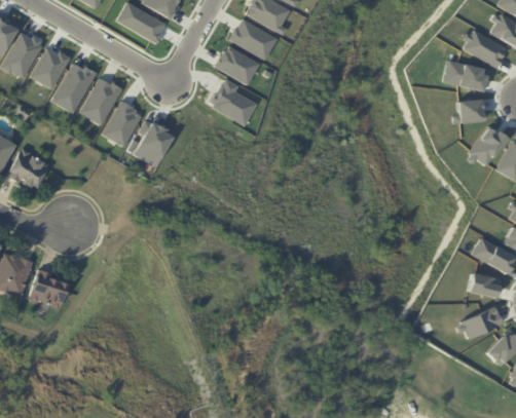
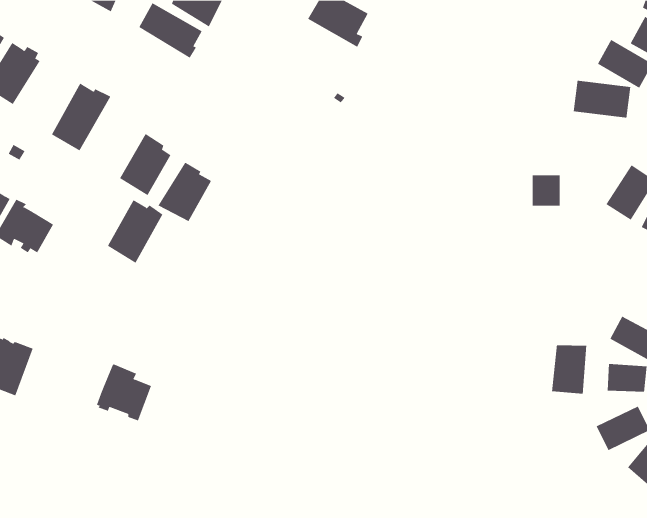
building: [229,18,278,62] -> none
building: [214,46,260,86] -> none
building: [30,47,69,89] -> none
building: [79,78,121,126] -> [107,199,163,263]
building: [210,79,257,126] -> none
building: [462,100,483,123] -> [532,175,560,206]
building: none -> [552,344,587,395]
building: [30,267,72,310] -> [96,364,152,421]

